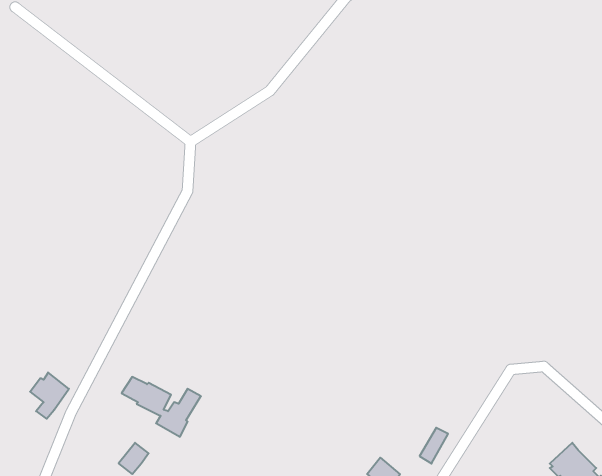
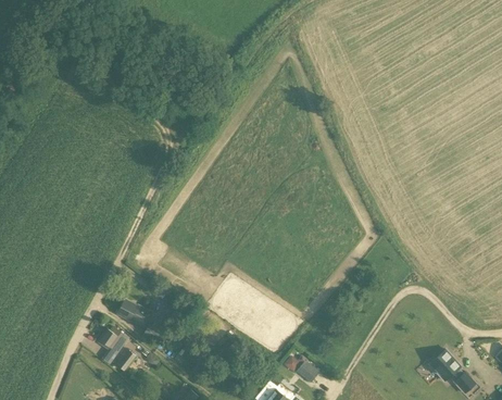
building: [30,372,69,419] -> [98,324,126,358]

